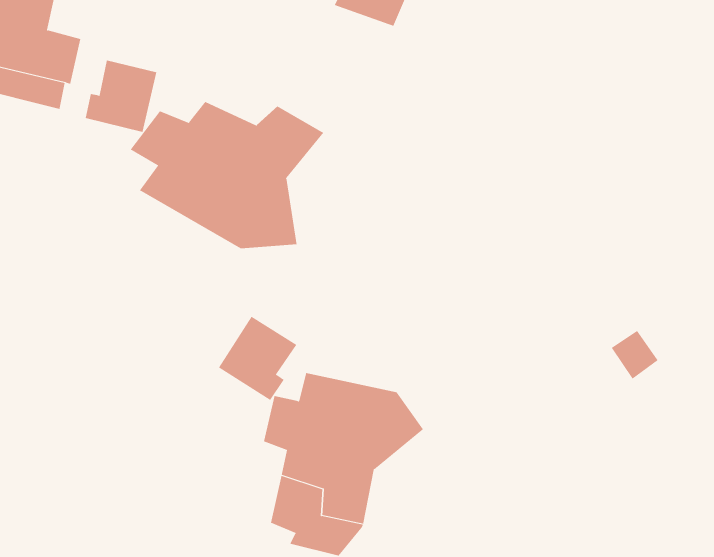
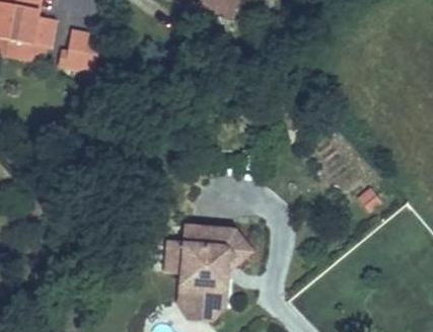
building: [130,101,324,249] -> none
building: [218,316,297,401] -> none

